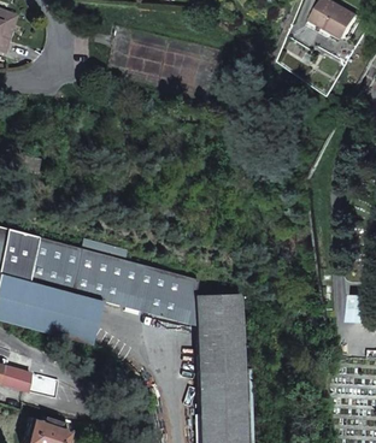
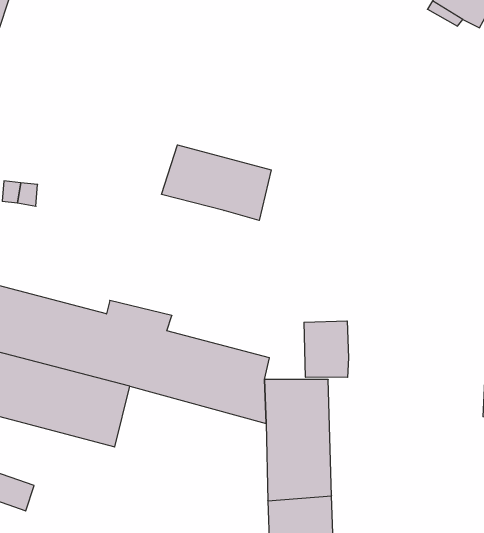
building: none -> [162,145,271,220]
building: none -> [304,321,349,377]

